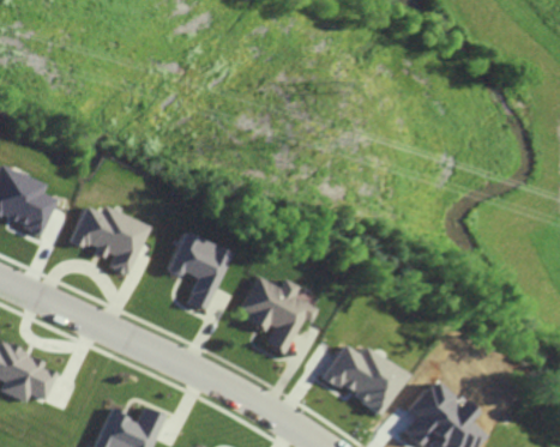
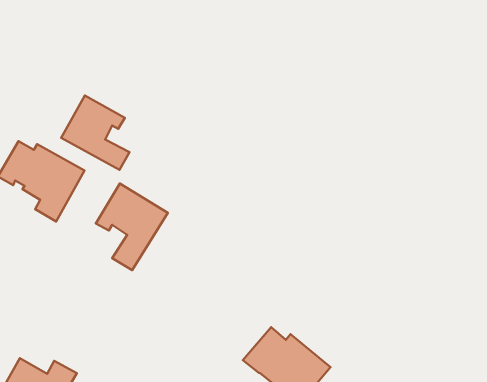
building: none -> [61,96,129,170]
building: [239,276,315,354] -> none

